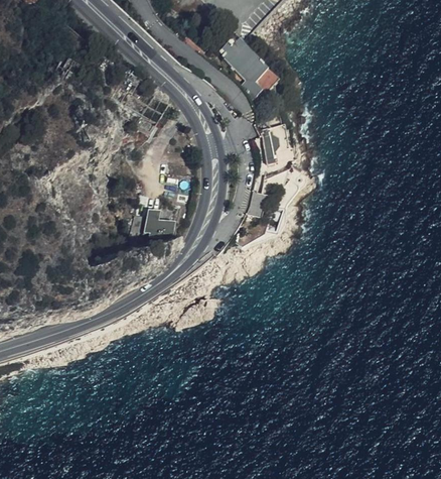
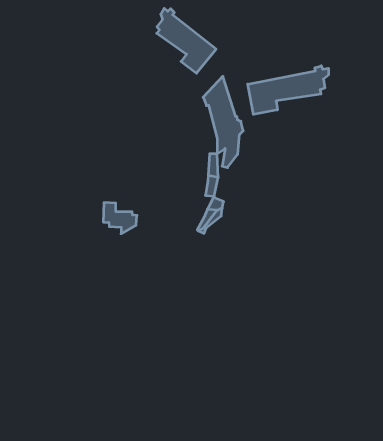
building: none -> [248,66,328,114]

